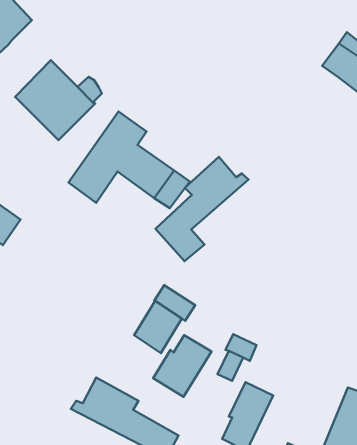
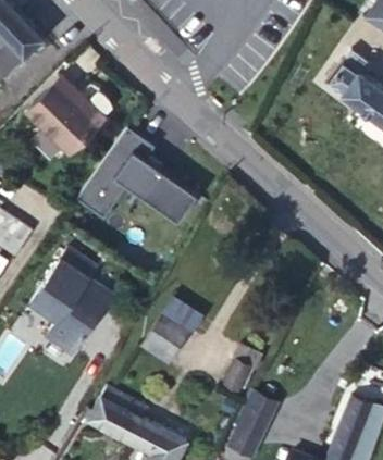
building: [156,157,249,261] -> none
building: none -> [30,250,111,353]
building: [153,335,211,397] -> none

